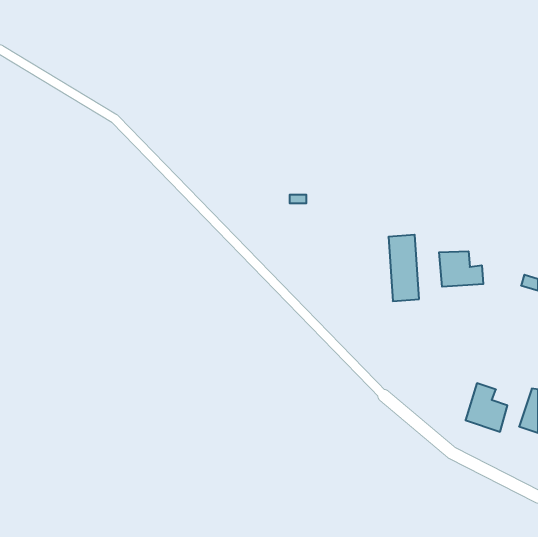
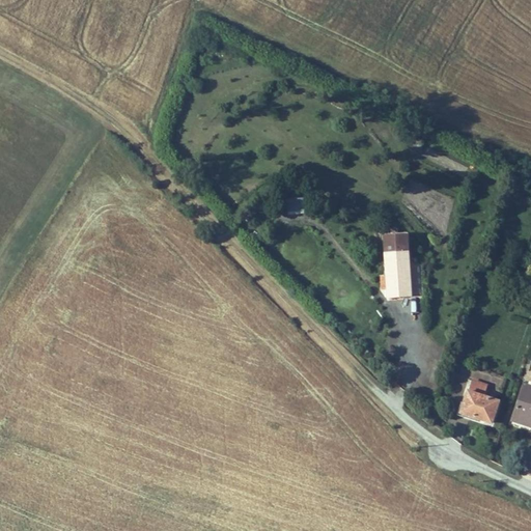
building: [439,251,483,287] -> none

